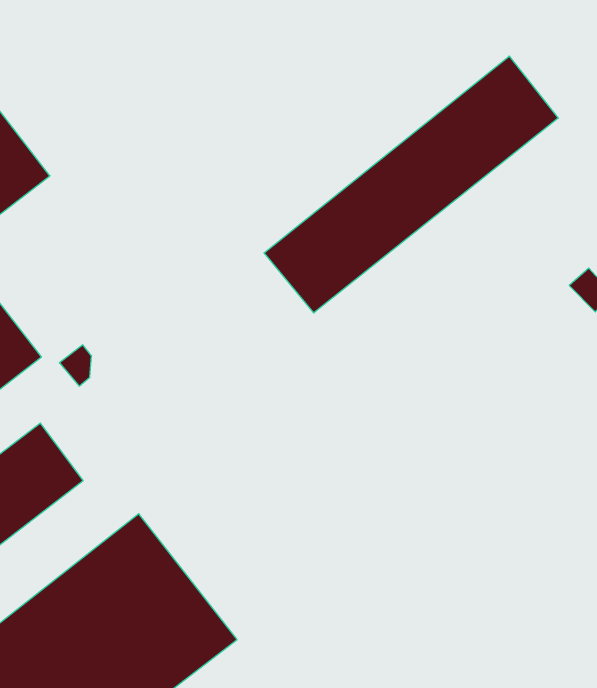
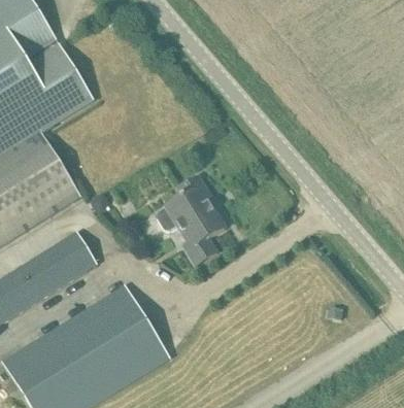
building: [264,56,558,313] -> none
building: none -> [157,177,225,266]

